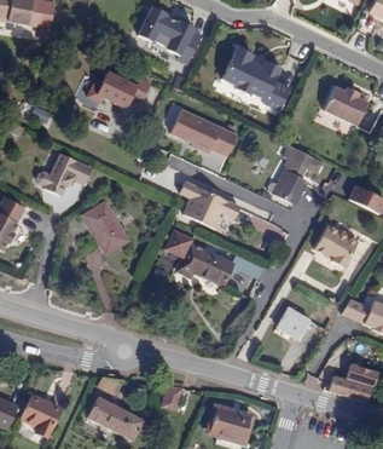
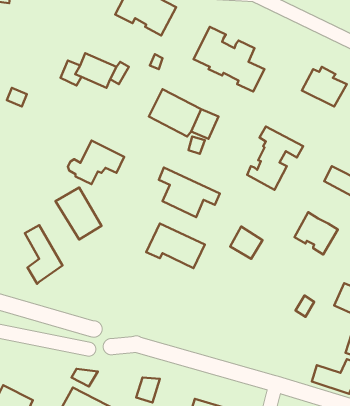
building: [37,154,92,196] -> [68,141,124,184]
building: none -> [25,225,63,284]
building: [278,306,309,338] -> [230,227,262,259]

